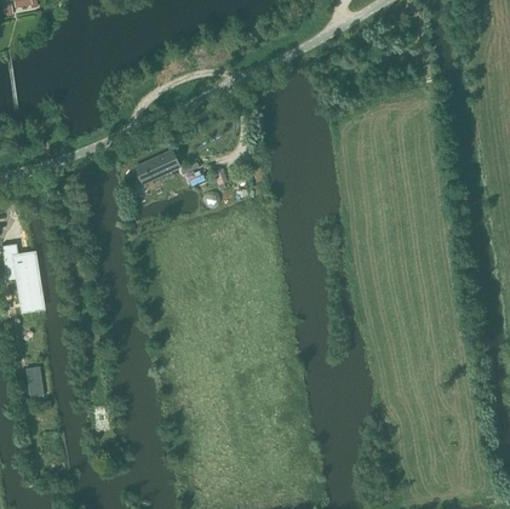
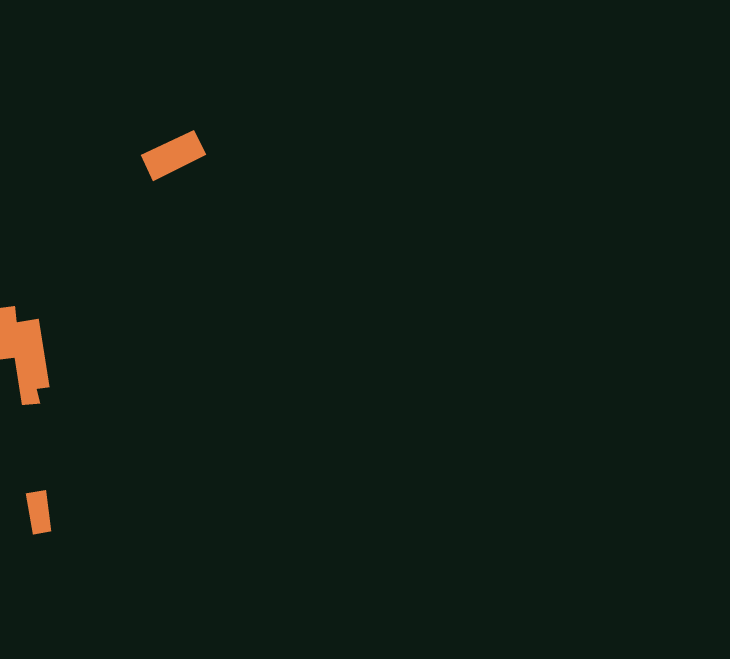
building: [136,149,180,184] -> [140,129,207,182]

